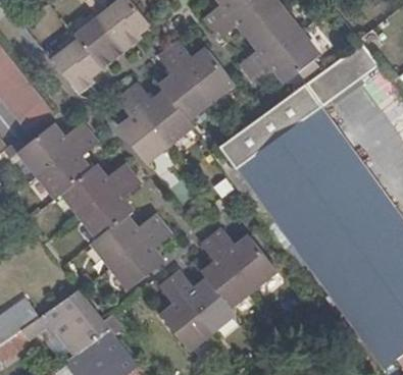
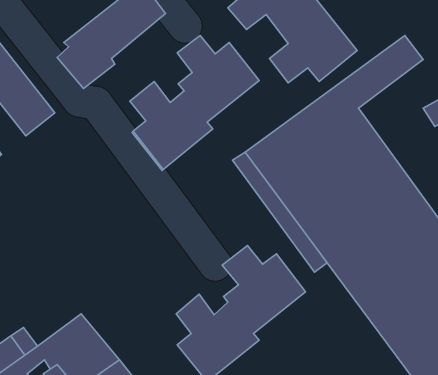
building: [19,121,170,287] -> none

